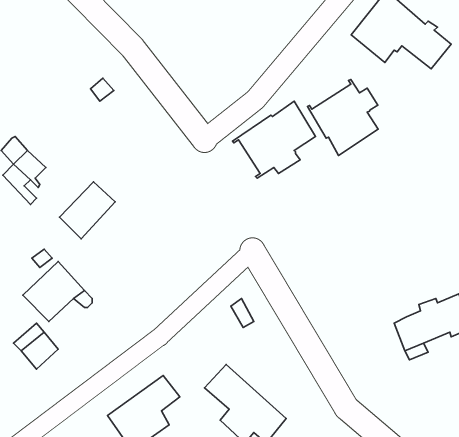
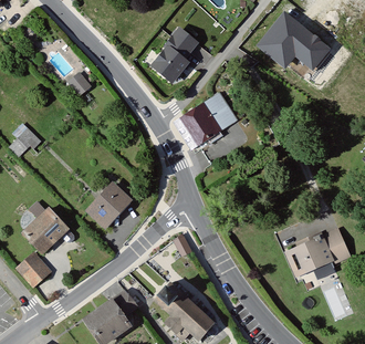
building: none -> [150,29,194,80]
building: [307,79,378,156] -> none
building: [60,182,115,239] -> [90,185,129,226]

